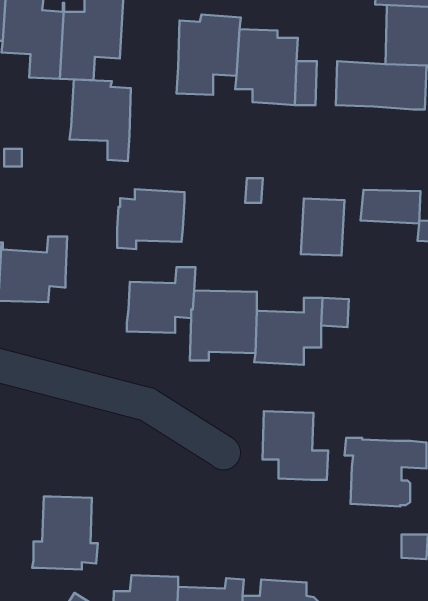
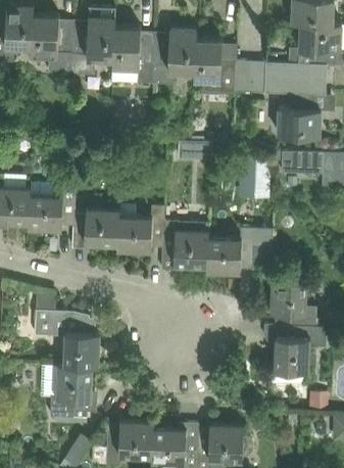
building: [70,80,131,161] -> [111,27,154,84]
building: none -> [277,93,321,136]
building: [117,189,184,249] -> [72,207,119,249]
building: none -> [36,296,100,368]
building: [263,411,328,480] -> [271,279,316,327]

